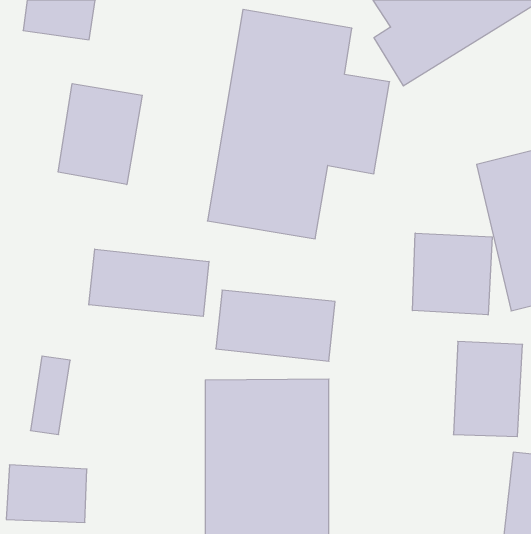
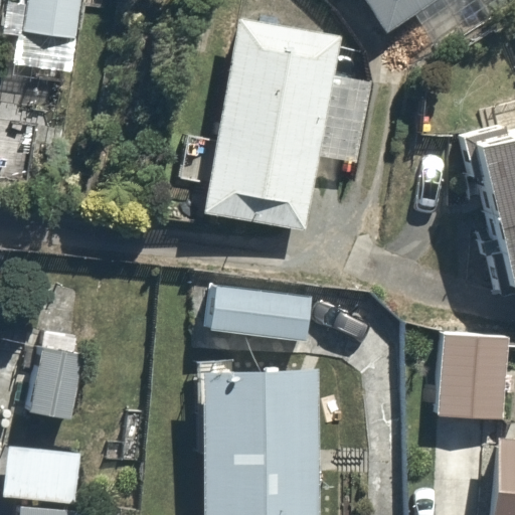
building: [58,84,142,185] -> none
building: [412,233,492,315] -> none
building: [89,249,209,316] -> none

